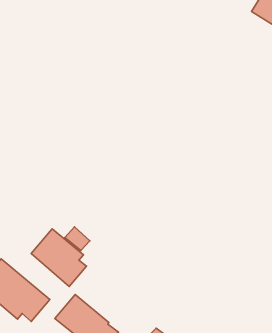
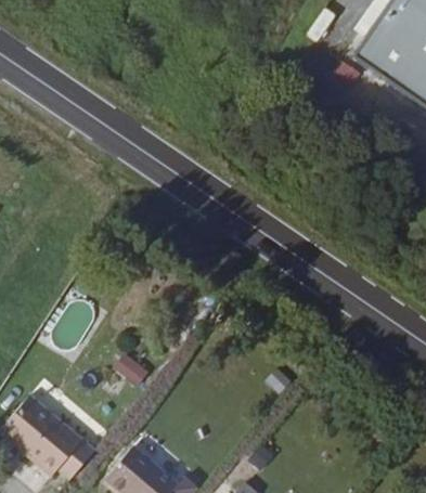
building: [31,229,86,286] -> none

